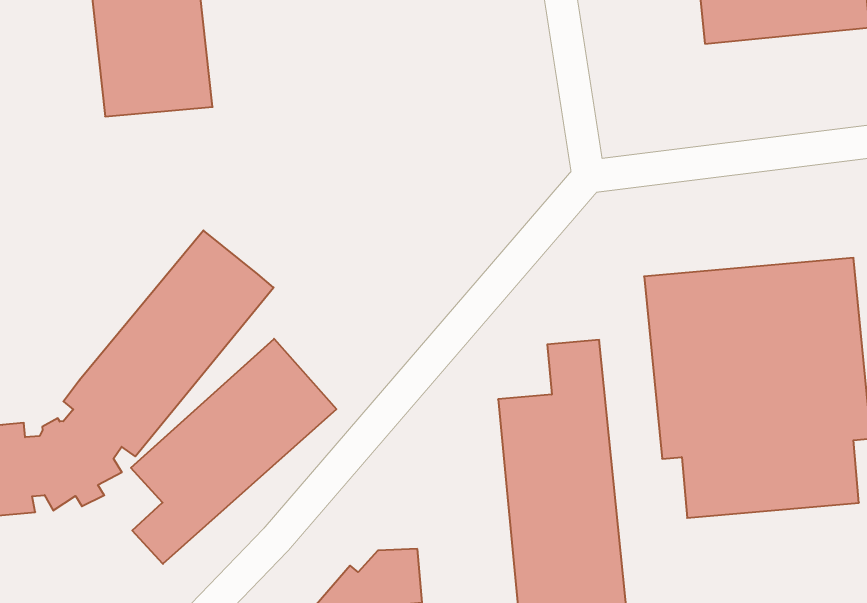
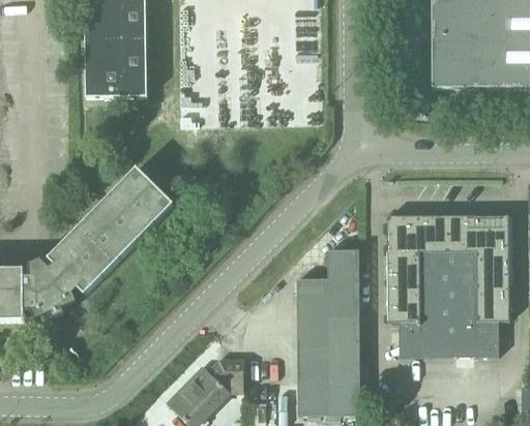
building: [131,339,336,564] -> none

